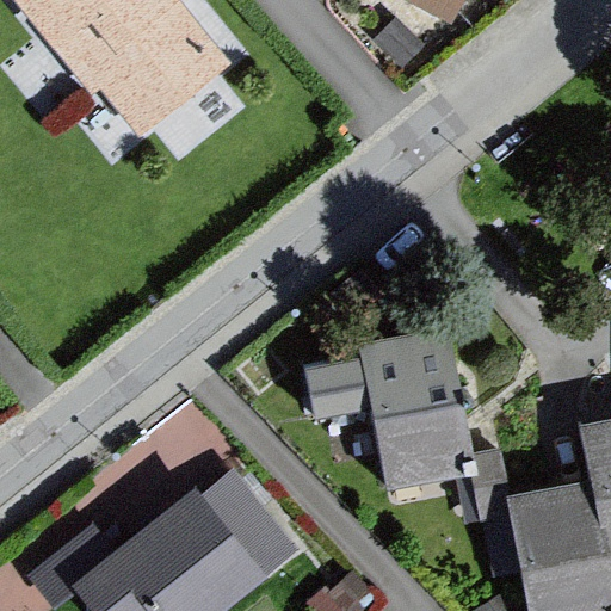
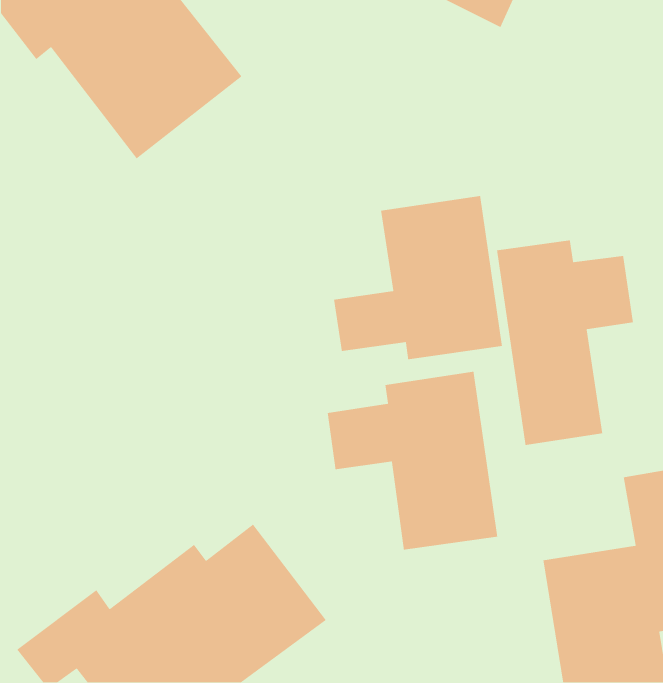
building: none -> [333,195,503,360]
building: none -> [496,240,634,446]

